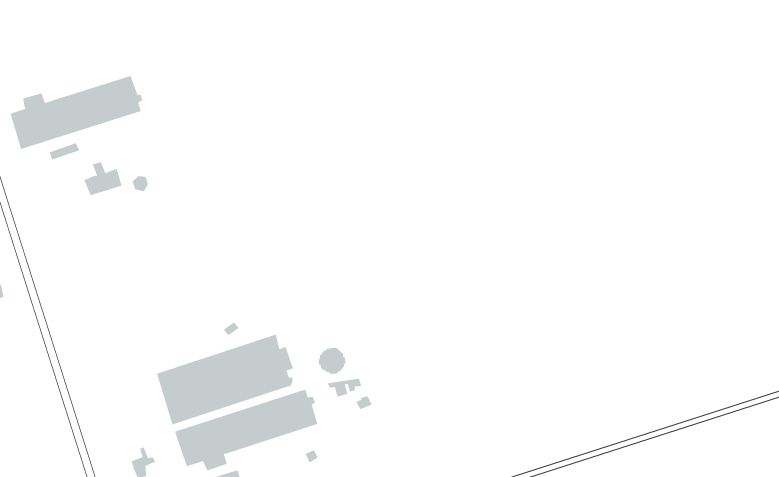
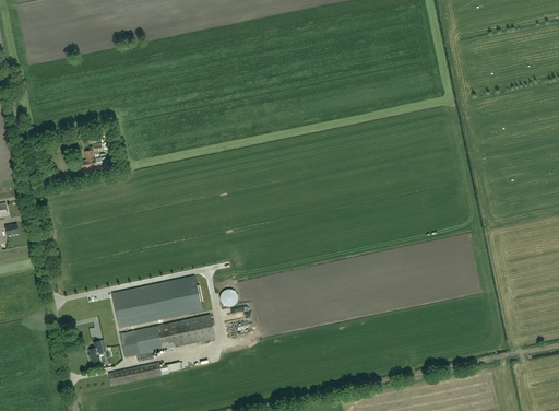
building: [10,75,143,150] -> none

